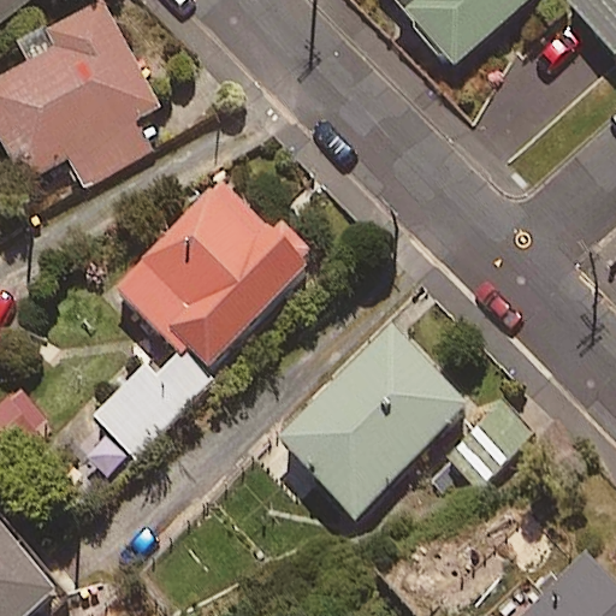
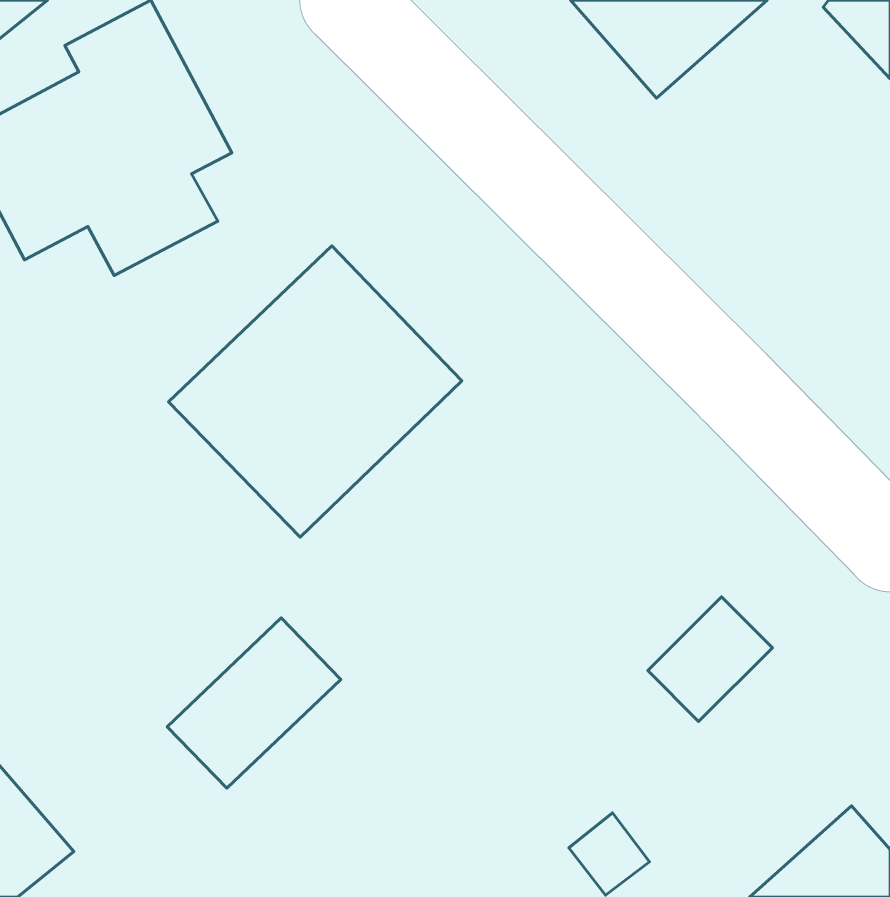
building: [279,325,468,515] -> none
building: [90,342,209,458] -> [167,618,341,788]

